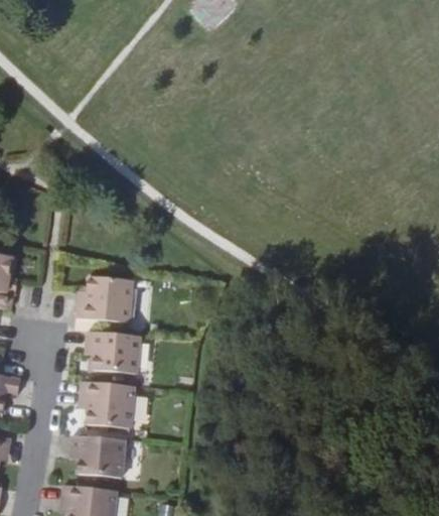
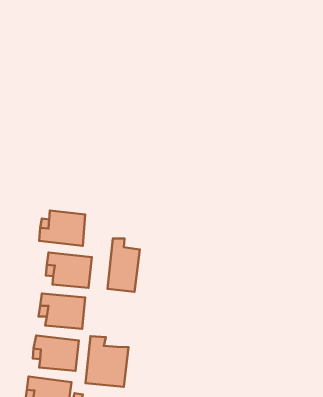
building: none -> [108,238,140,292]
building: none -> [85,336,128,387]

